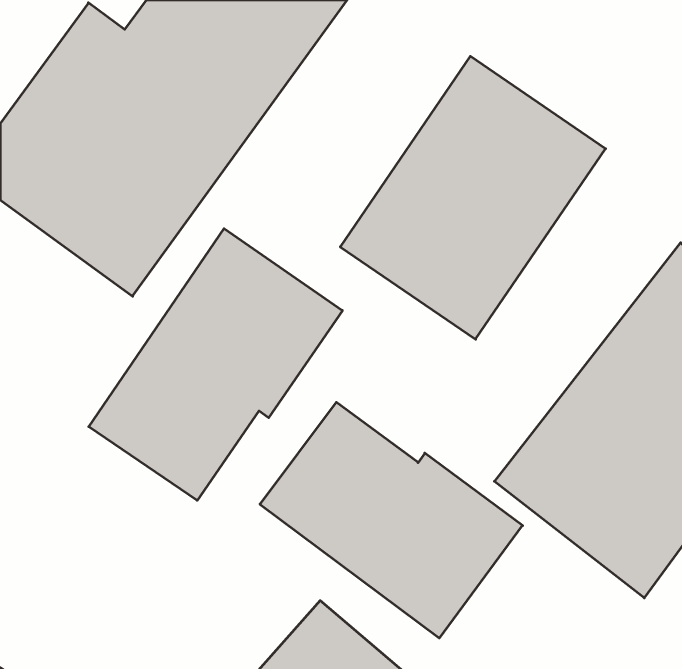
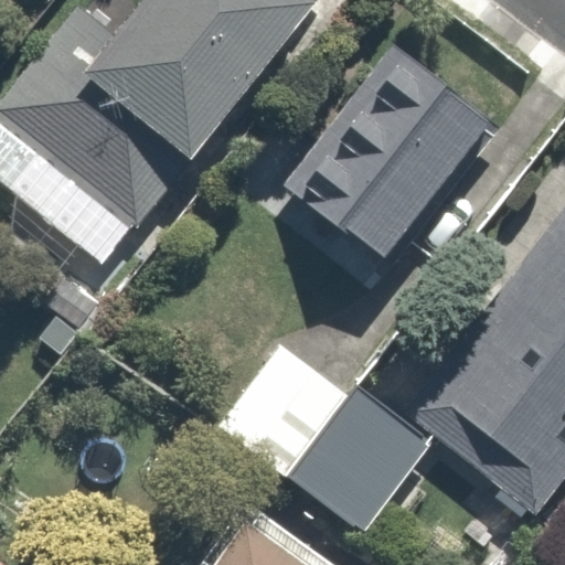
building: [89,229,342,500] -> none

